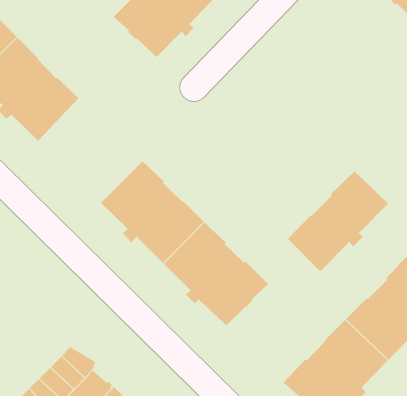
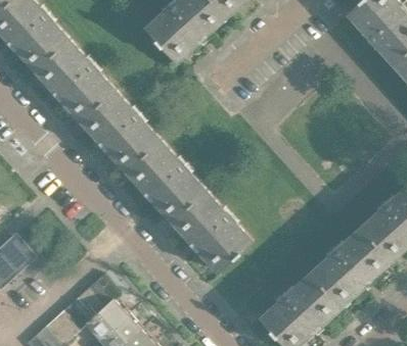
building: none -> [80,89,160,170]
building: [287,170,389,272] -> none

